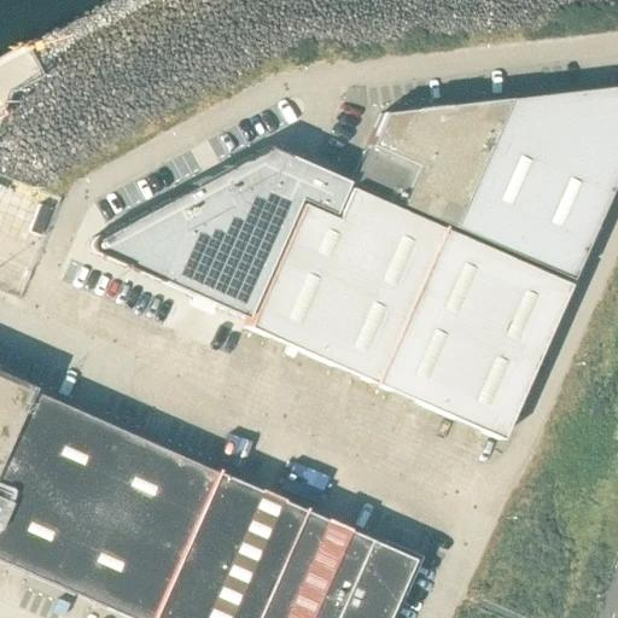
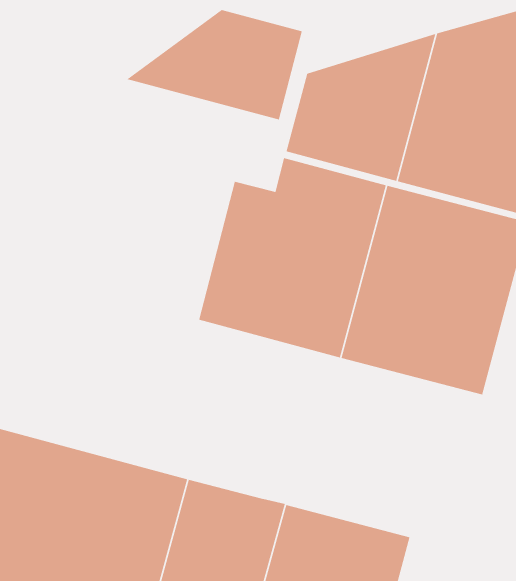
building: none -> [126,9,303,120]
building: [97,146,355,319] -> none

